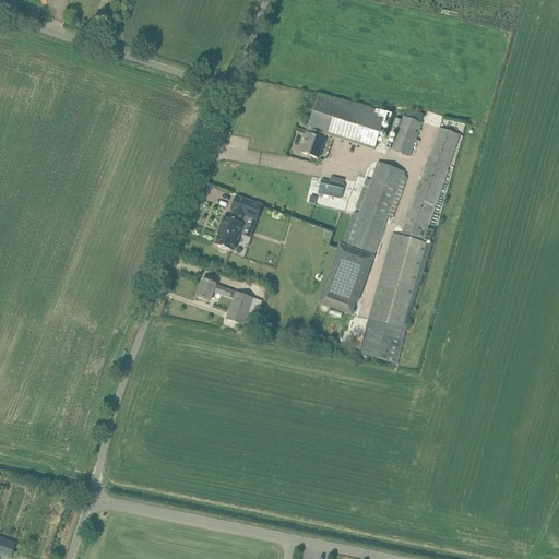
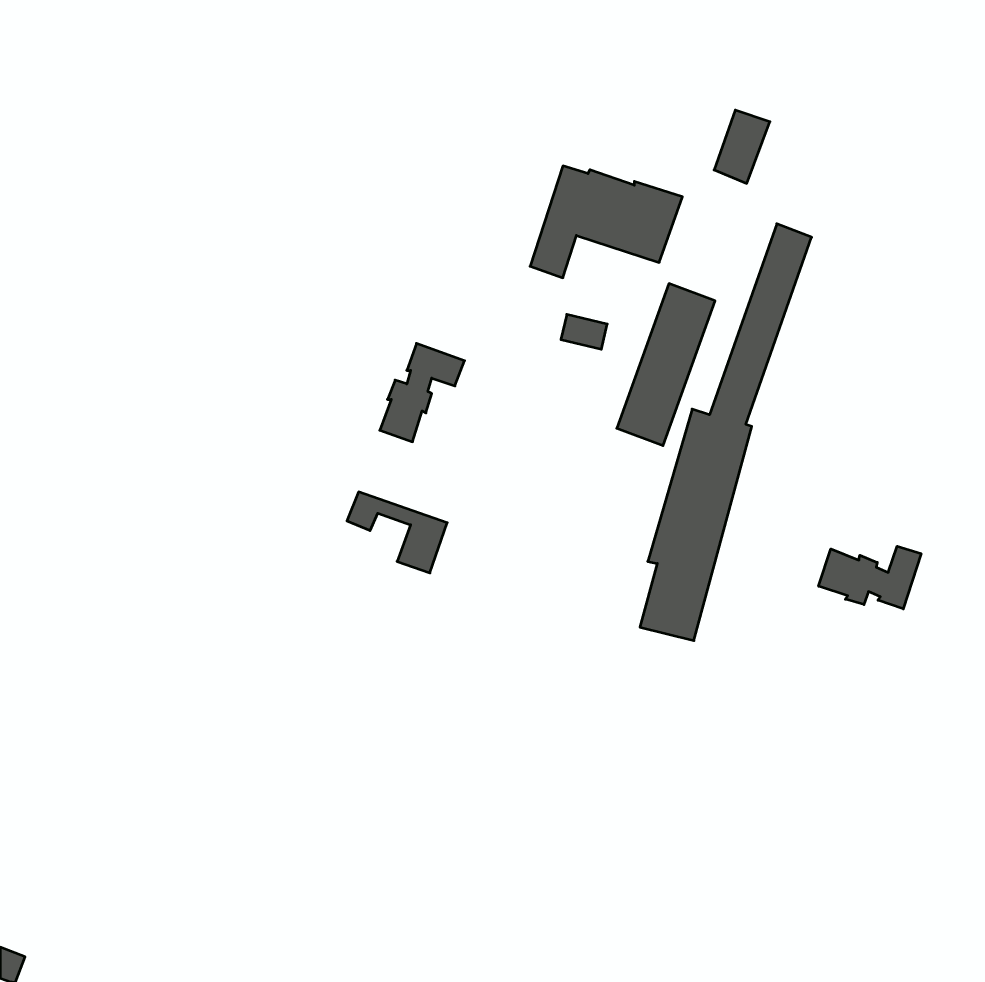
building: [391,115,423,156] -> [714,110,770,183]
building: [319,242,373,313] -> none
building: none -> [819,546,921,609]

